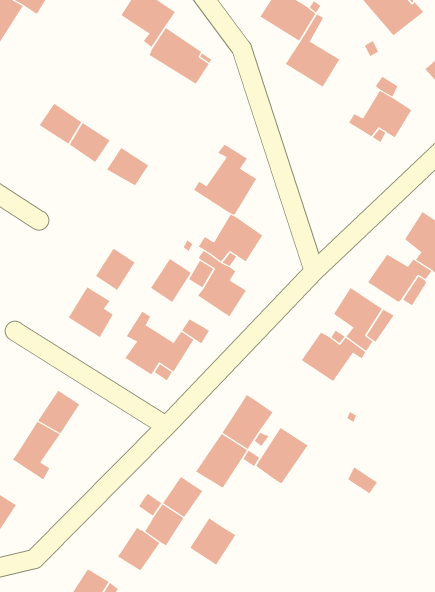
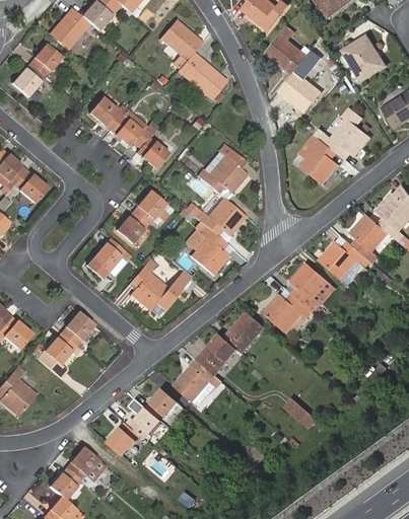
building: none -> [298,135,338,183]
building: [150,258,192,303] -> [133,191,165,224]
building: [255,427,308,484] -> [223,310,265,353]
building: [189,517,236,566] -> none

